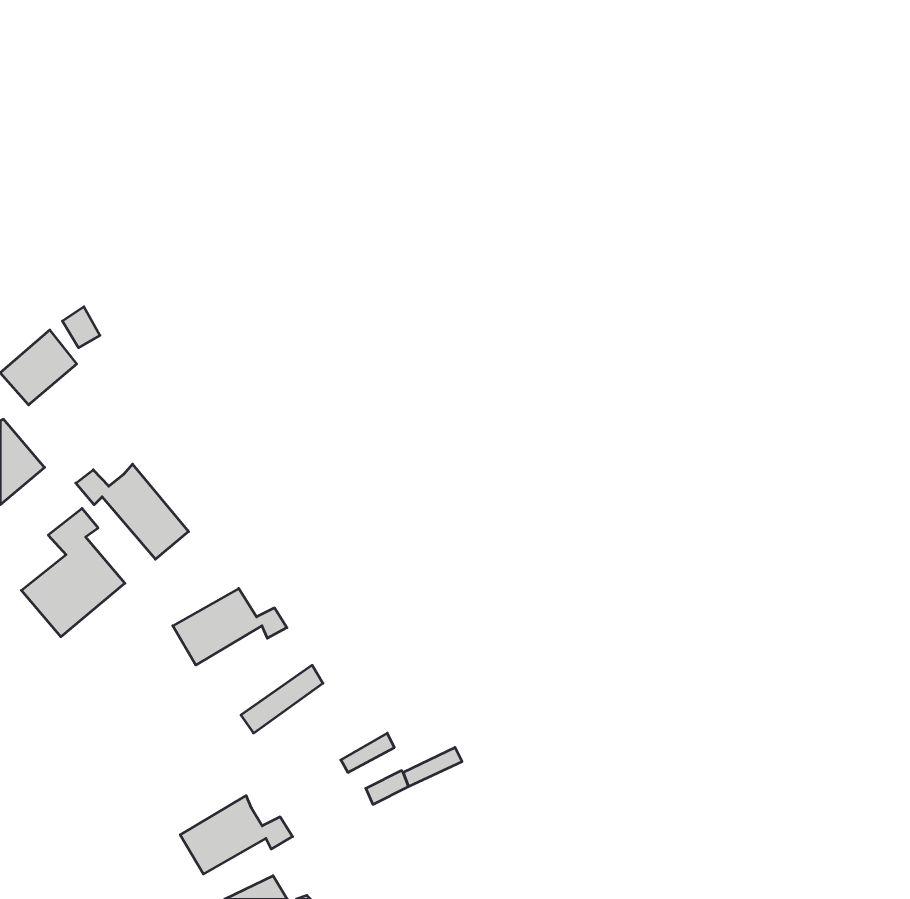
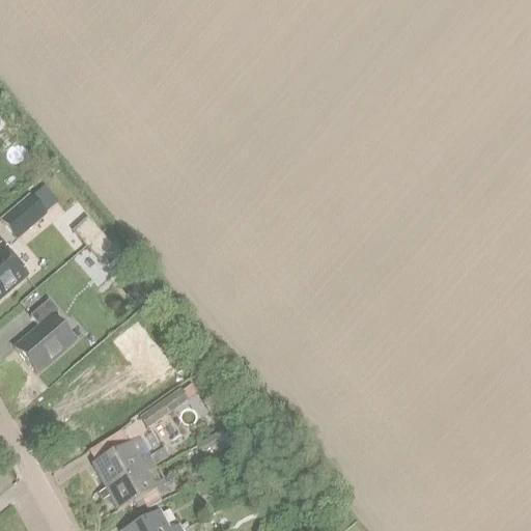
building: [76,464,189,559] -> none
building: [173,588,287,665] -> [92,441,159,485]

